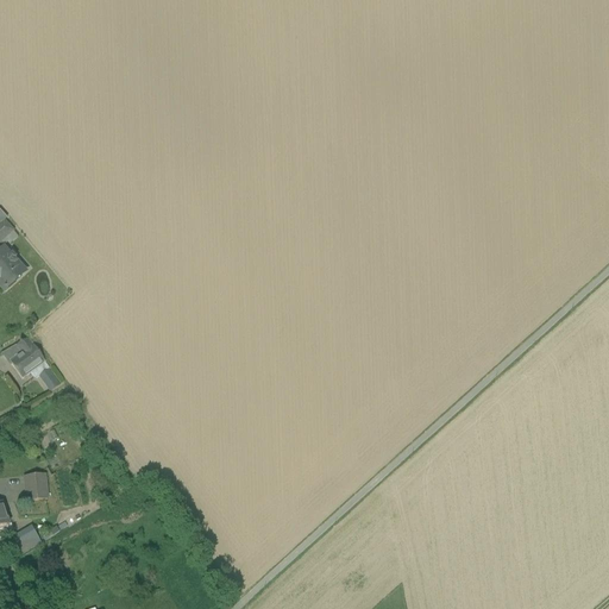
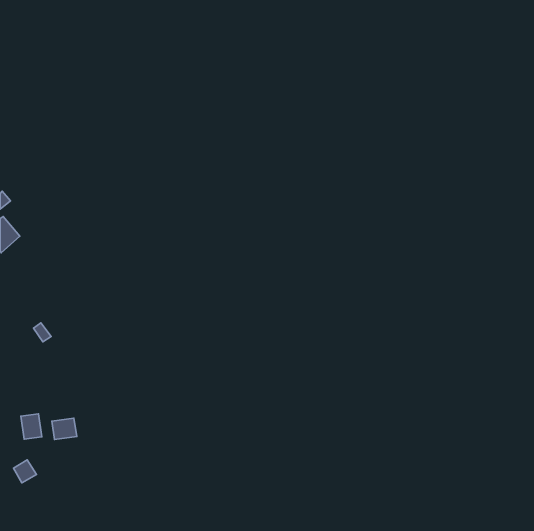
building: [8,335,44,376] -> none
building: none -> [52,418,77,440]

